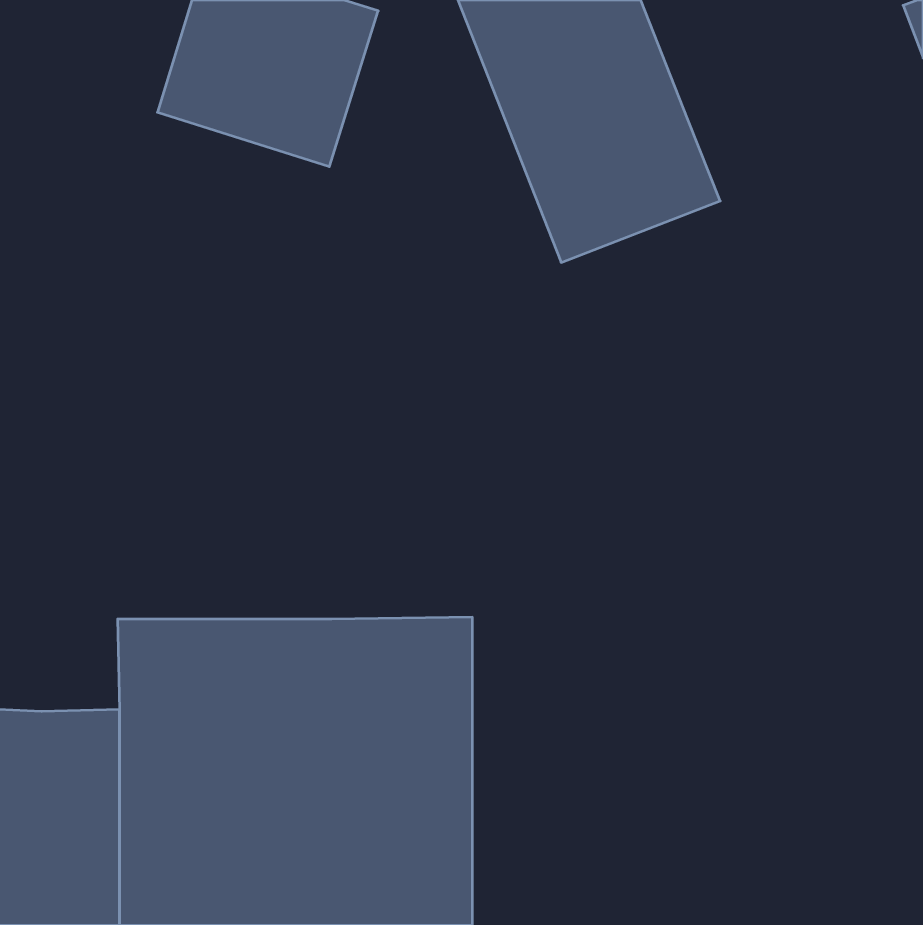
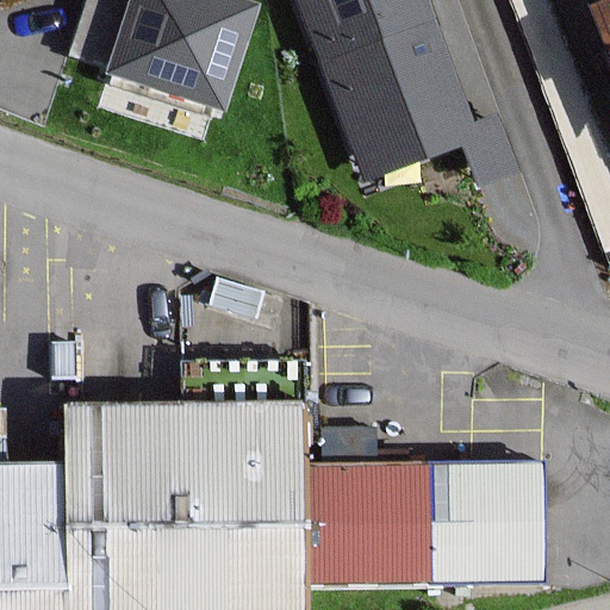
building: none -> [311,462,544,573]

